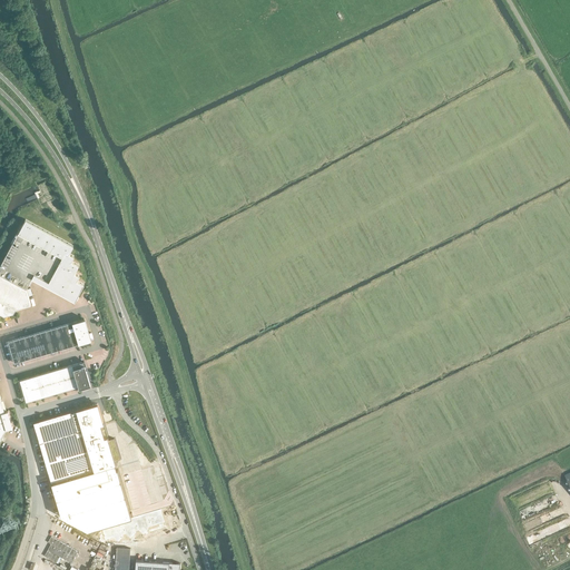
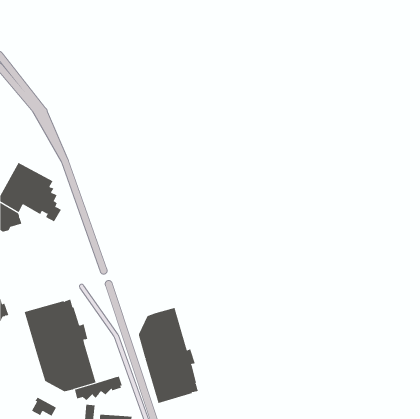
building: [7,321,89,364] -> none
building: [19,363,90,403] -> none
building: none -> [138,307,198,404]

